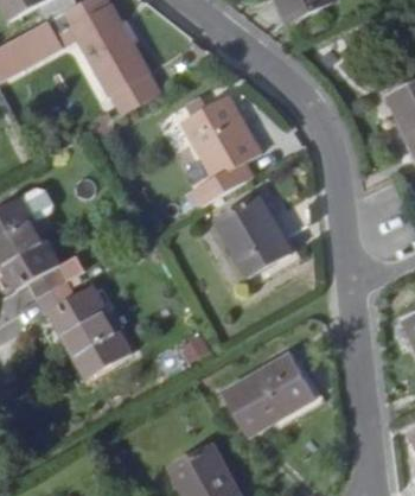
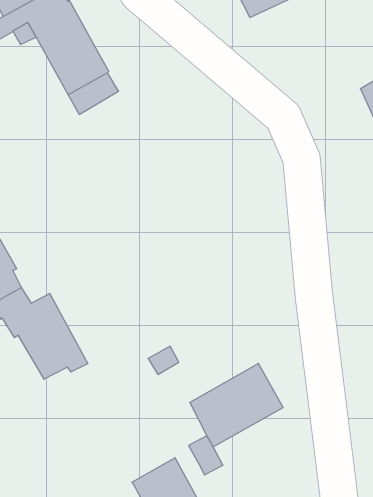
building: [181,96,256,206] -> none
building: [210,198,285,281] -> none

